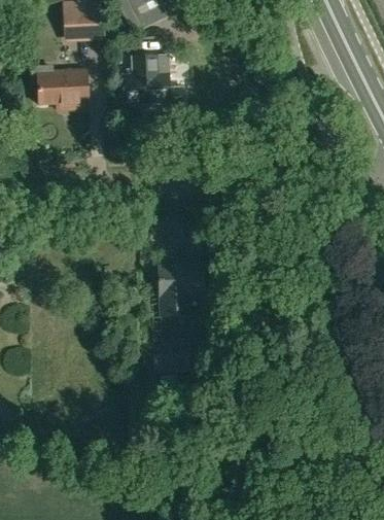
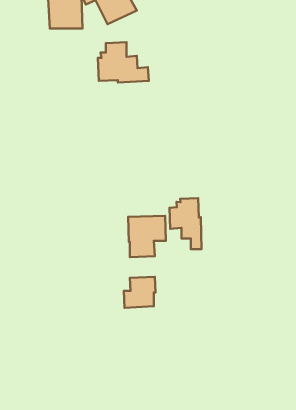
building: [32,65,88,107] -> none
building: none -> [170,198,201,249]

